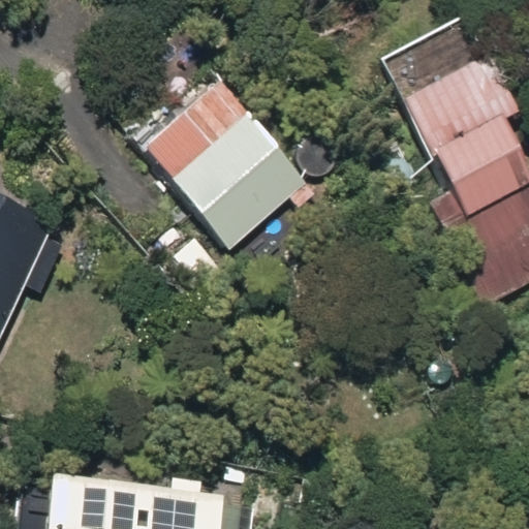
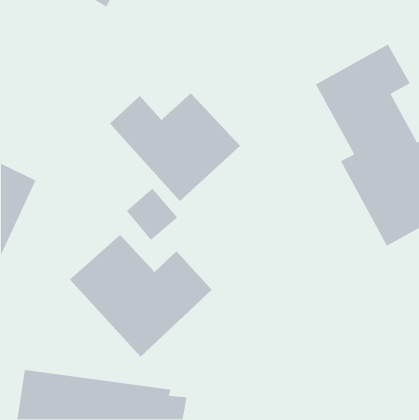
building: none -> [69,234,213,357]

